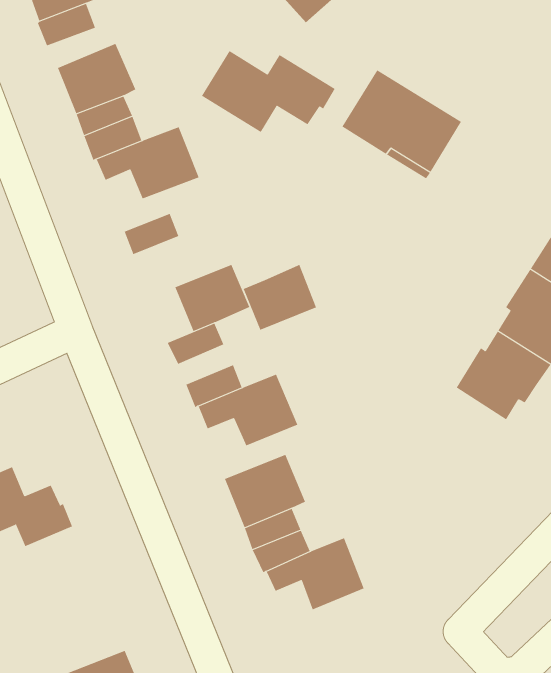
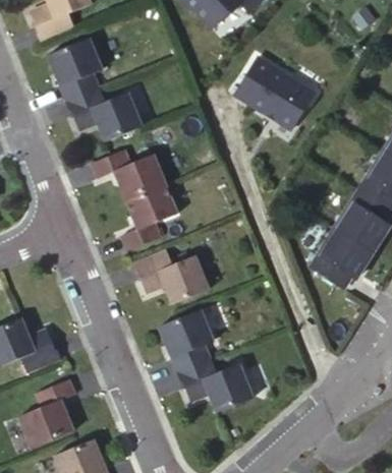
building: [201,50,335,133] -> none
building: [243,264,317,331] -> [115,156,164,199]
building: none -> [22,380,73,447]

